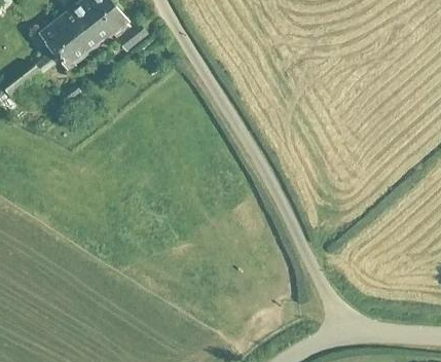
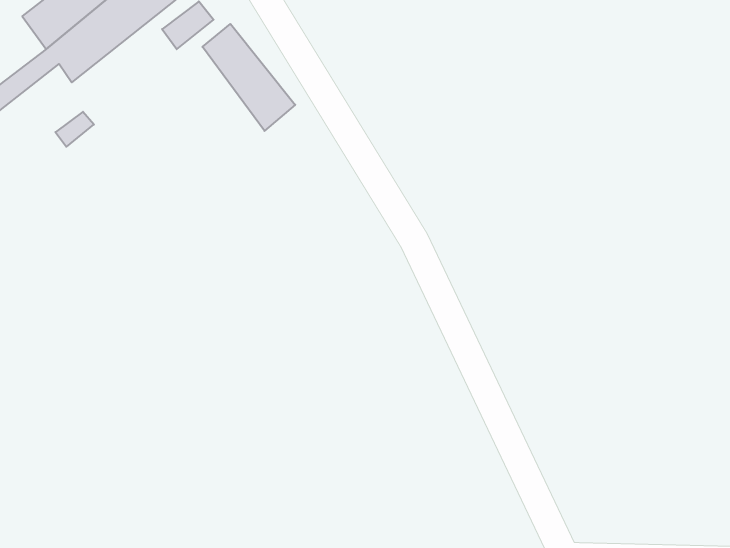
building: none -> [202,24,295,131]

